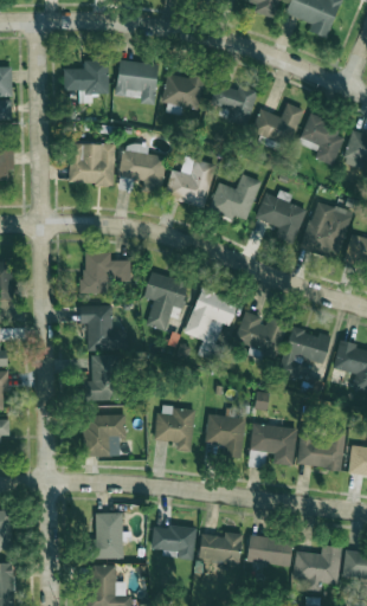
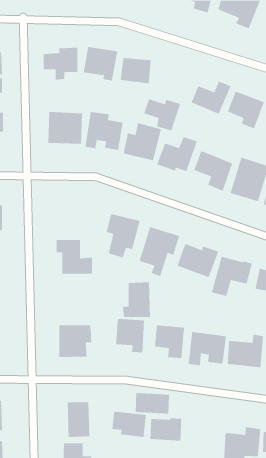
building: [211,83,259,125] -> [143,98,181,131]
building: [83,252,131,294] -> none
building: [84,354,121,400] -> [122,282,151,318]
building: [247,536,292,565] -> [135,392,170,414]

